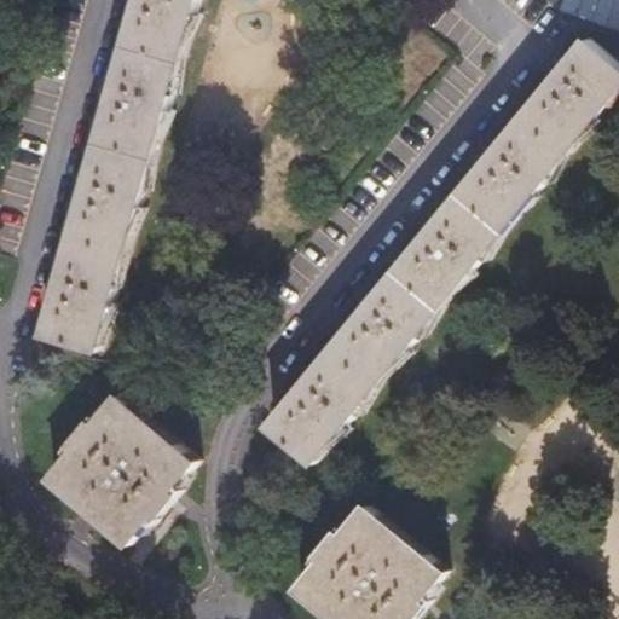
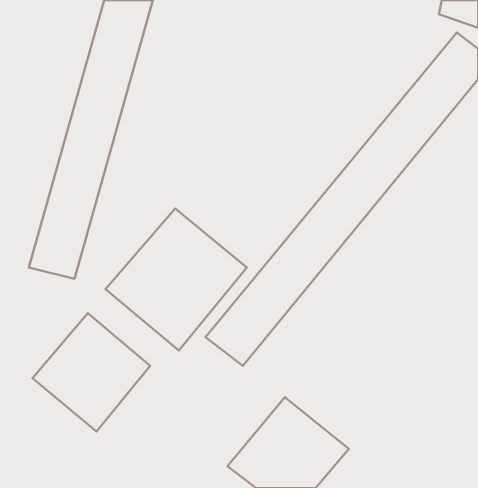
building: none -> [106,208,247,350]

